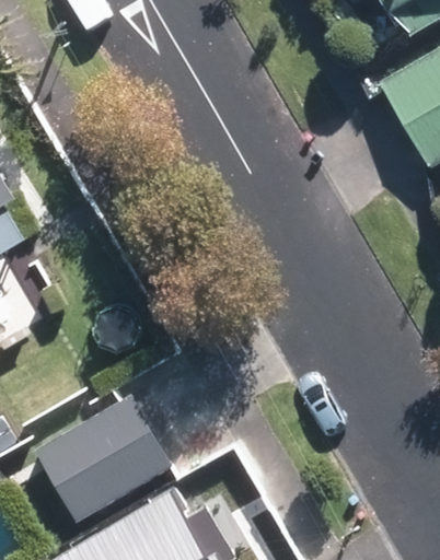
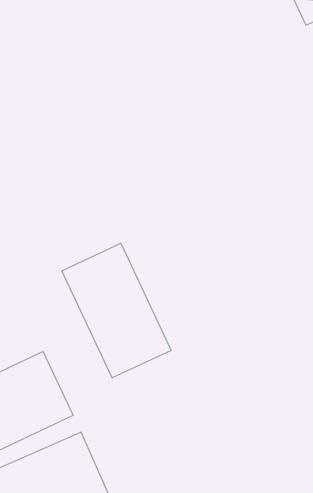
building: none -> [62,243,171,378]

